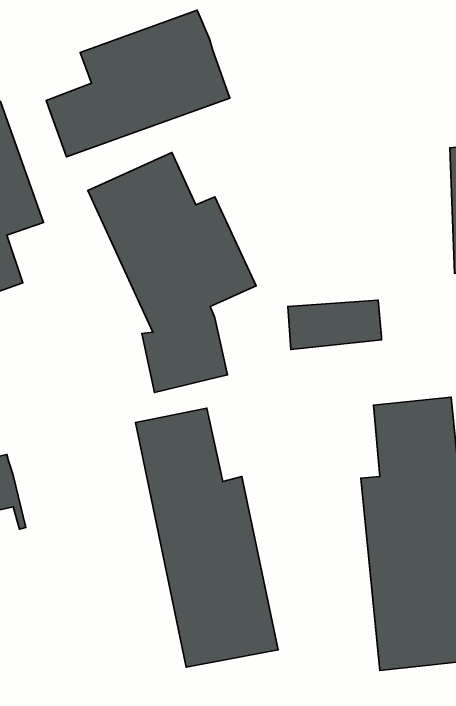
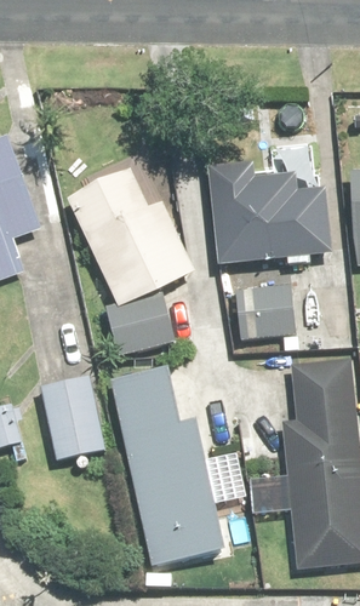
building: [46,10,230,157] -> none
building: none -> [206,160,330,264]
building: none -> [40,376,105,458]

